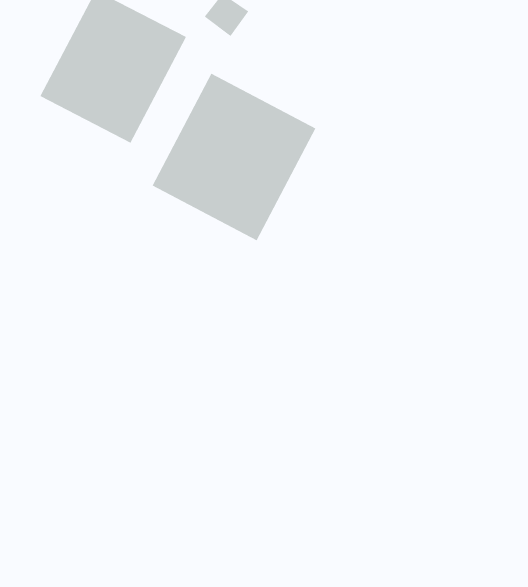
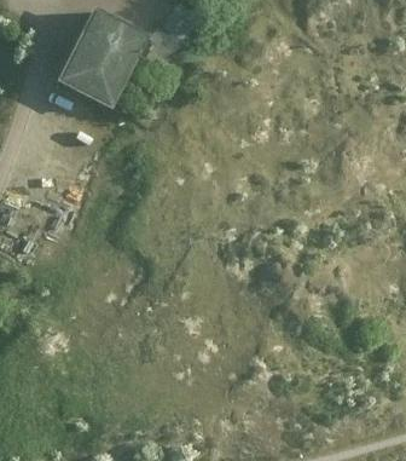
building: [152,73,316,241] -> none

